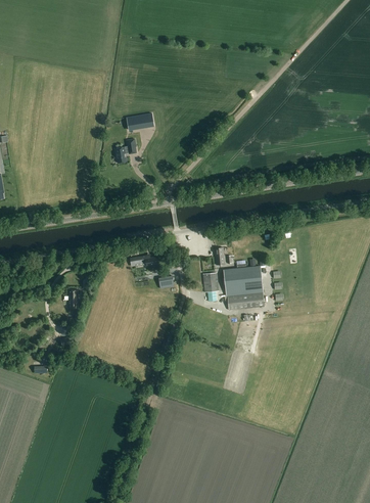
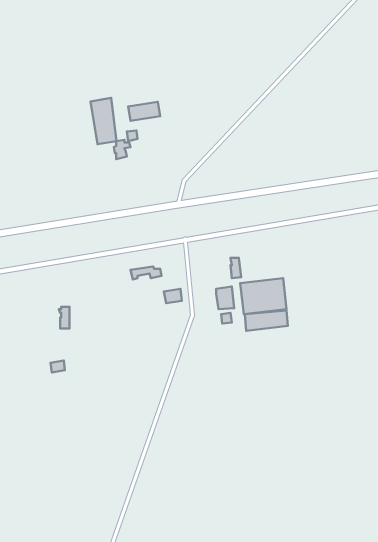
building: none -> [90,98,116,144]

